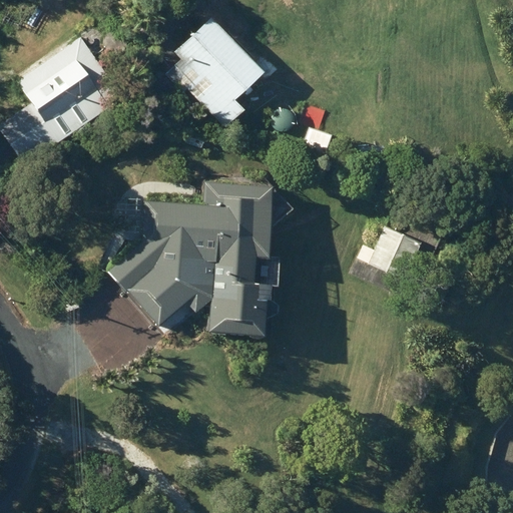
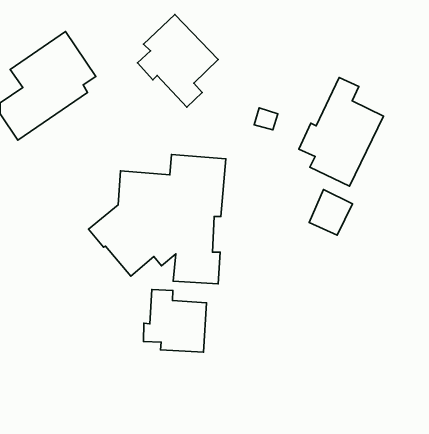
building: none -> [299,78,384,186]
building: none -> [144,289,207,352]

